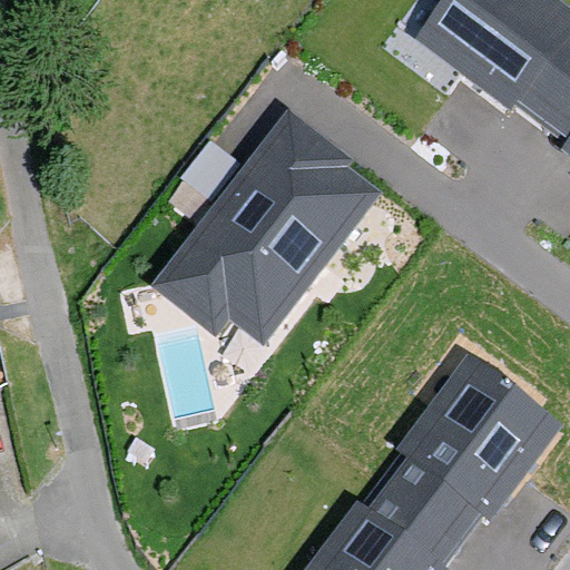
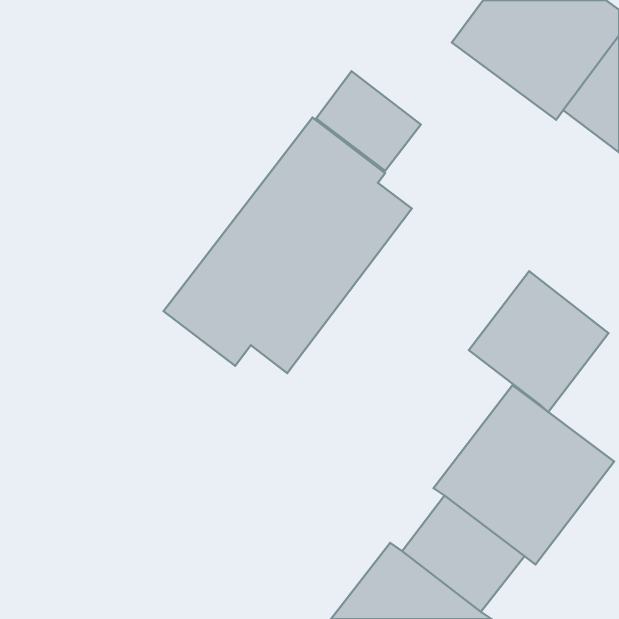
building: none -> [316,71,421,171]
building: none -> [469,271,609,412]

